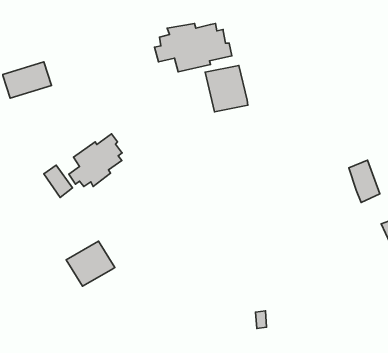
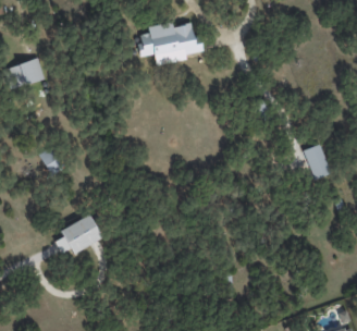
building: [205,66,248,112] -> none
building: [69,134,122,187] -> none

